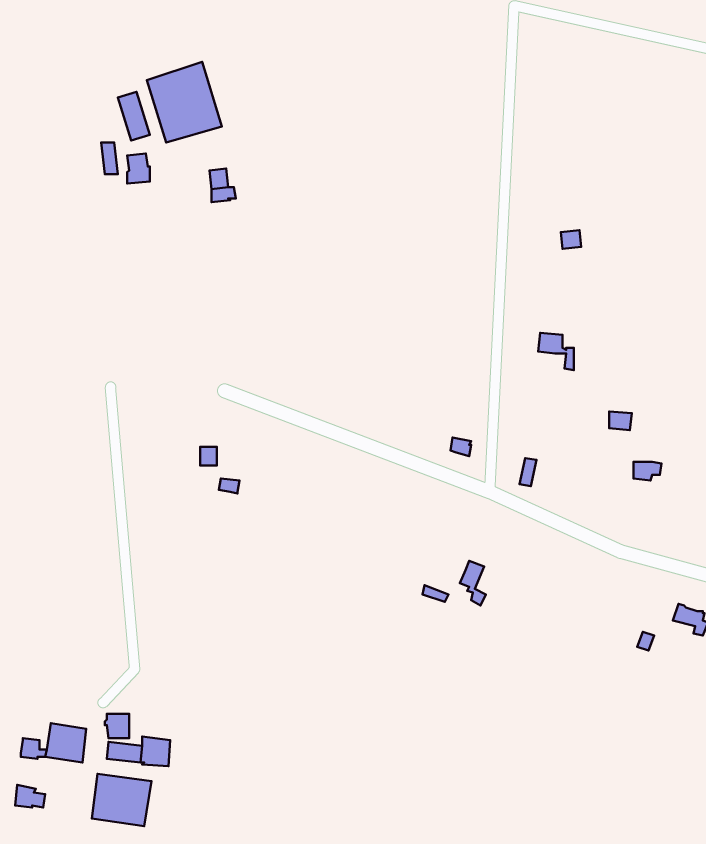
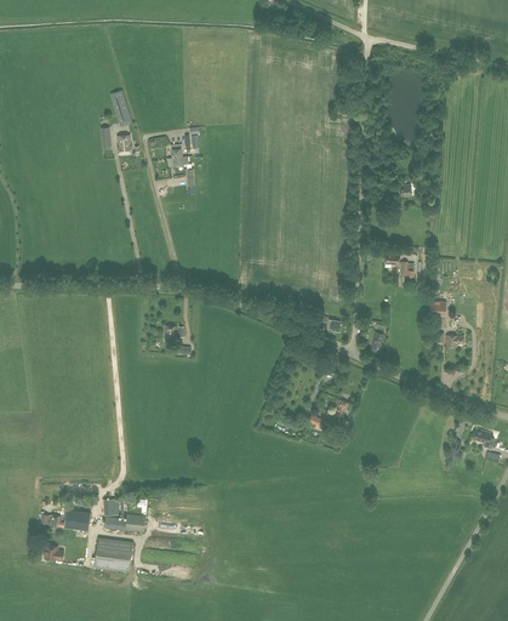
building: [147,62,222,143] -> none

